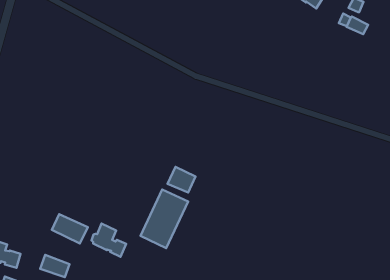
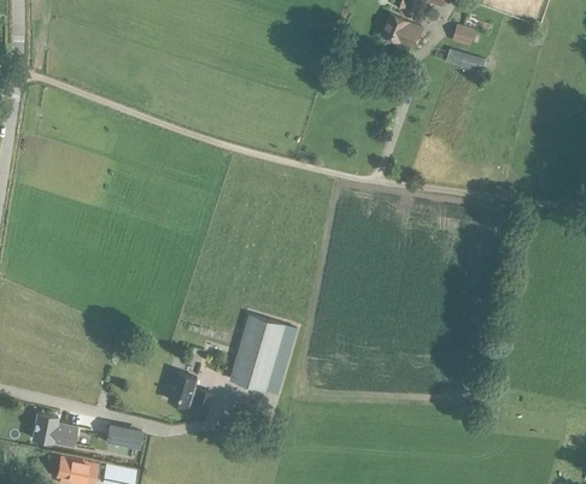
building: [168,167,196,192] -> none
building: [52,214,88,244] -> none

